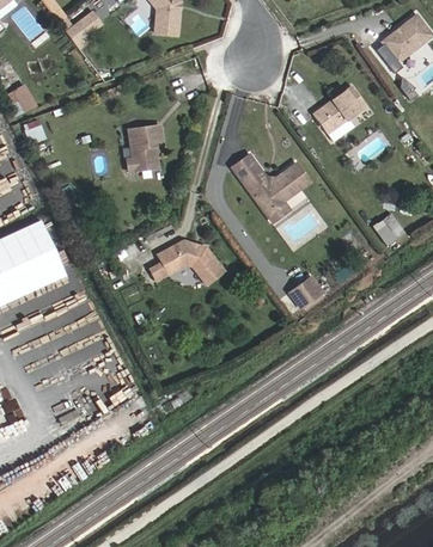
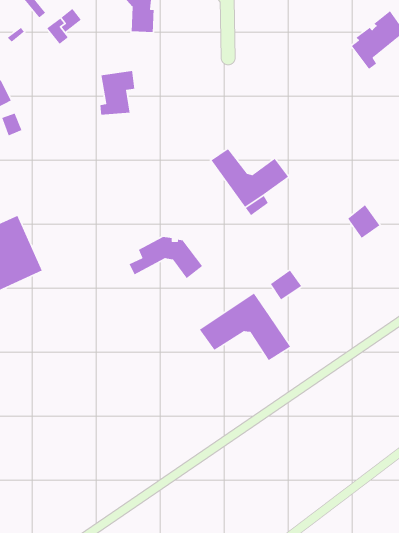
building: [315,82,367,130] -> none
building: [130,124,166,170] -> [99,70,135,115]
building: none -> [199,293,291,361]

